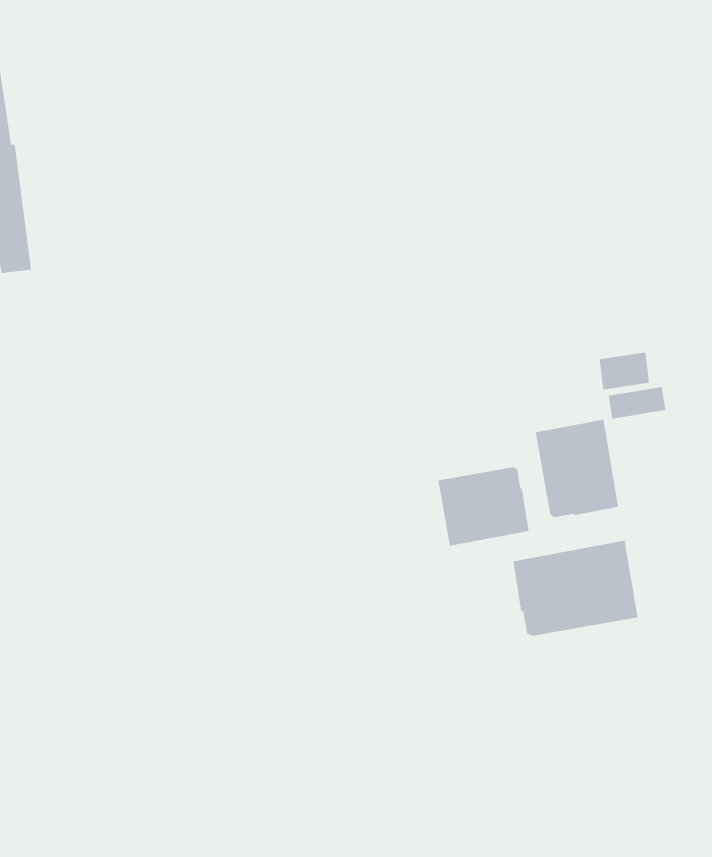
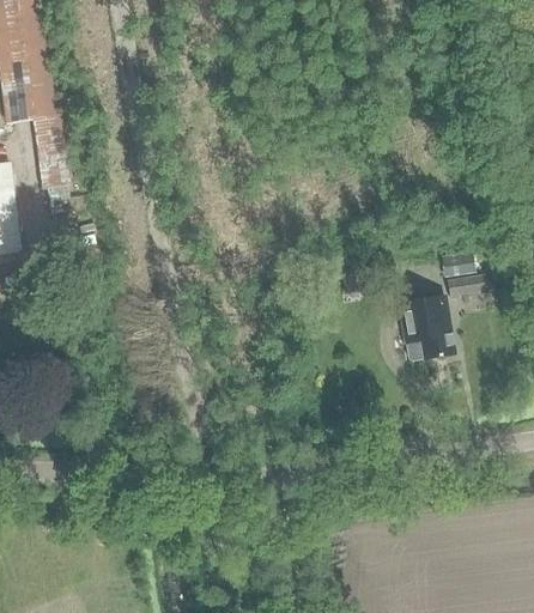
building: [438,467,529,547] -> none
building: [513,540,638,636] -> none

